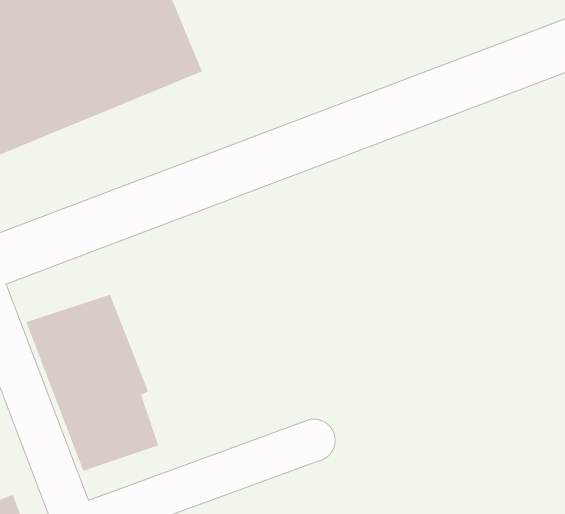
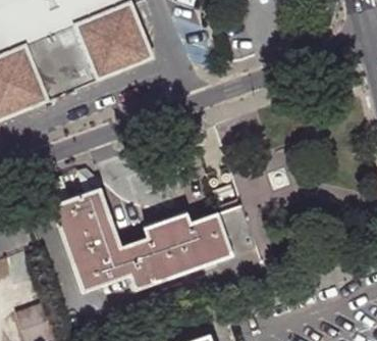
building: none -> [118,205,254,291]

